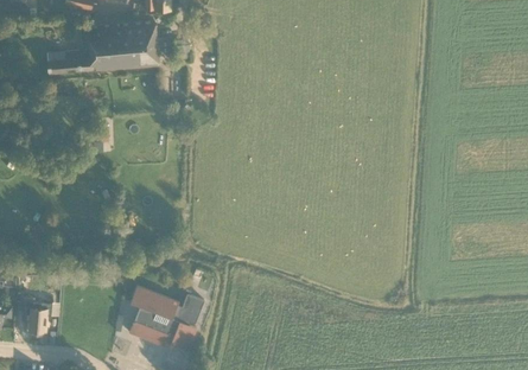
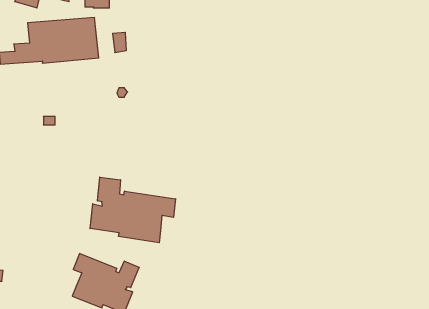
building: none -> [90,177,176,243]

